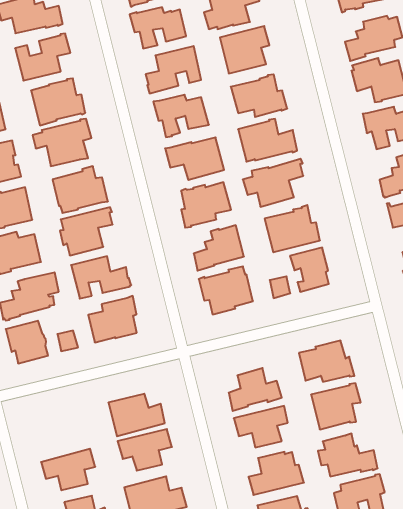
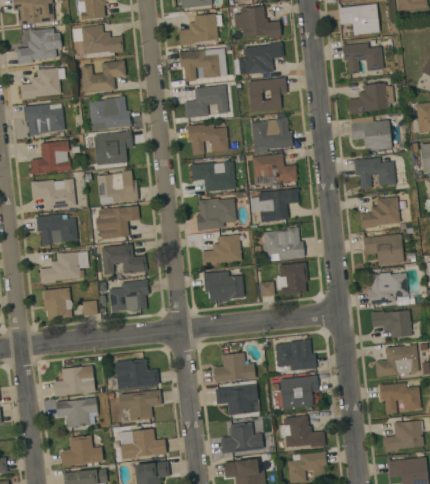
building: none -> [53,365,96,397]

